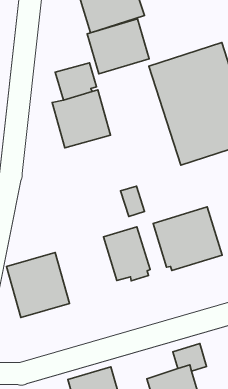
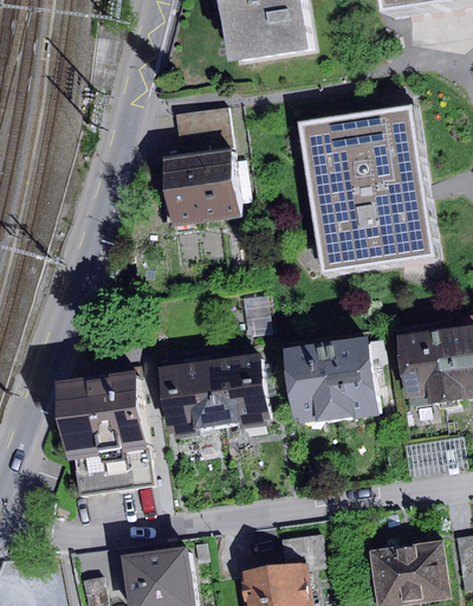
building: [87,19,149,74] -> none
building: none -> [154,360,216,439]
building: none -> [72,447,149,494]

